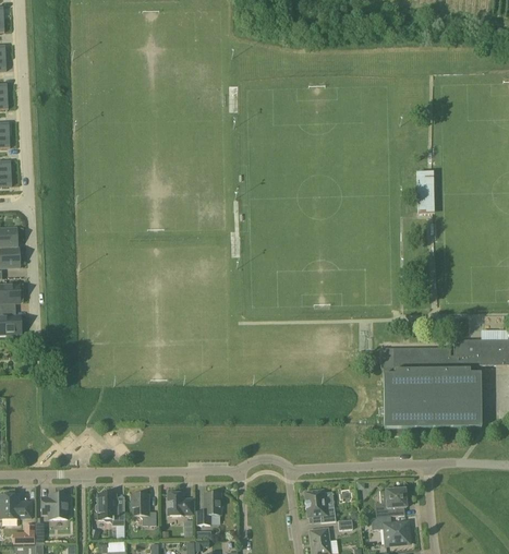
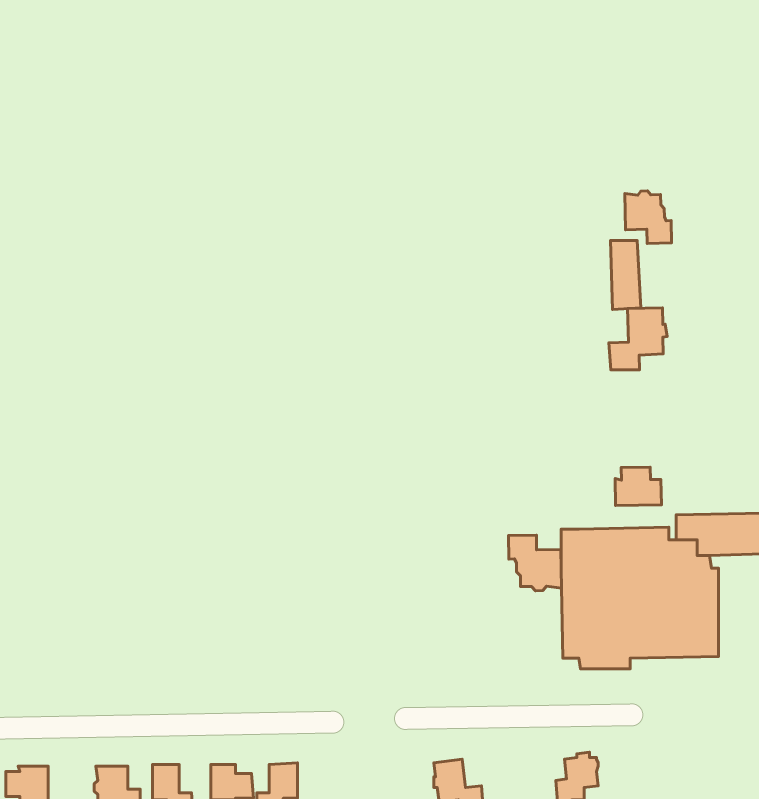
building: none -> [625,191,672,243]
building: none -> [609,308,667,370]
building: none -> [615,467,661,505]
building: none -> [509,535,561,591]

